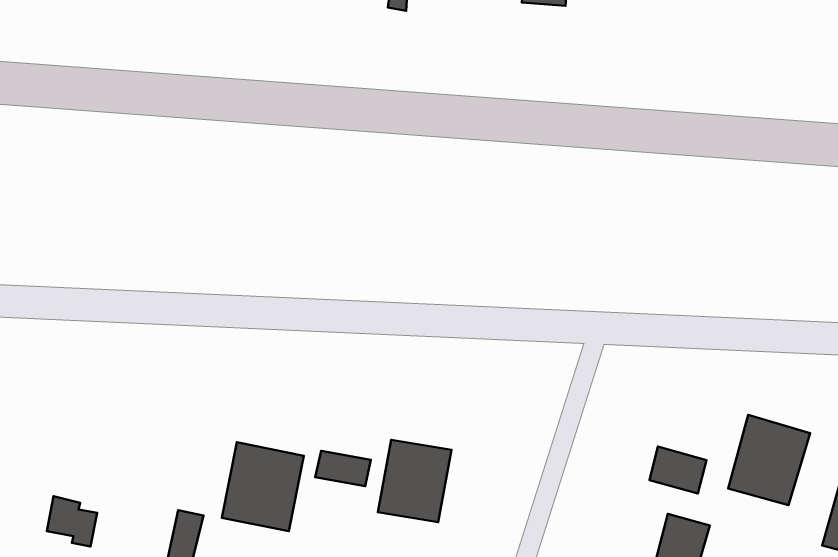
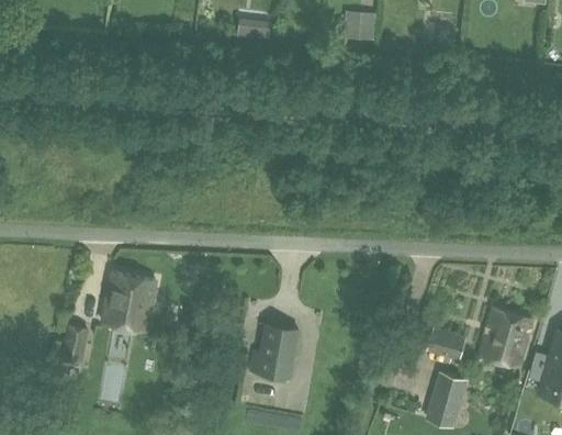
building: [222,442,304,531] -> [101,271,155,330]
building: [315,451,371,486] -> none
building: [47,496,97,546] -> [55,324,88,357]

